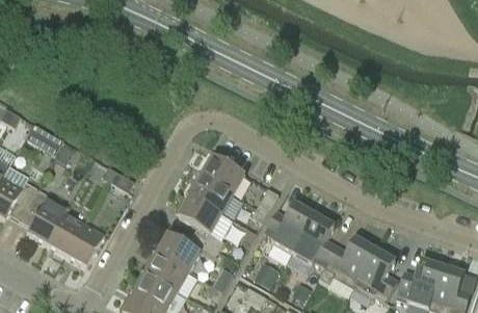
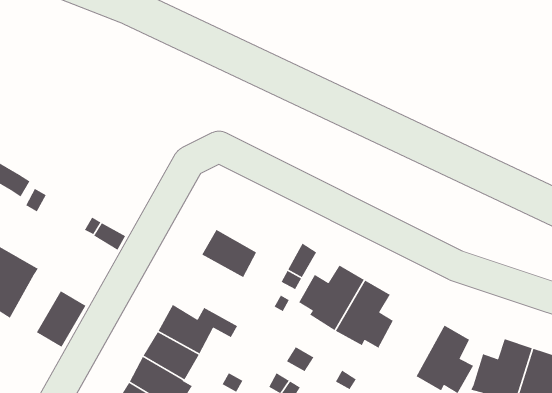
building: [202,155,245,192] -> none
building: [179,194,233,249] -> none
building: [45,210,83,254] -> none
building: [317,236,375,287] -> none

